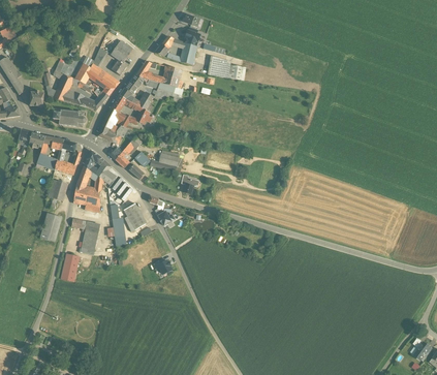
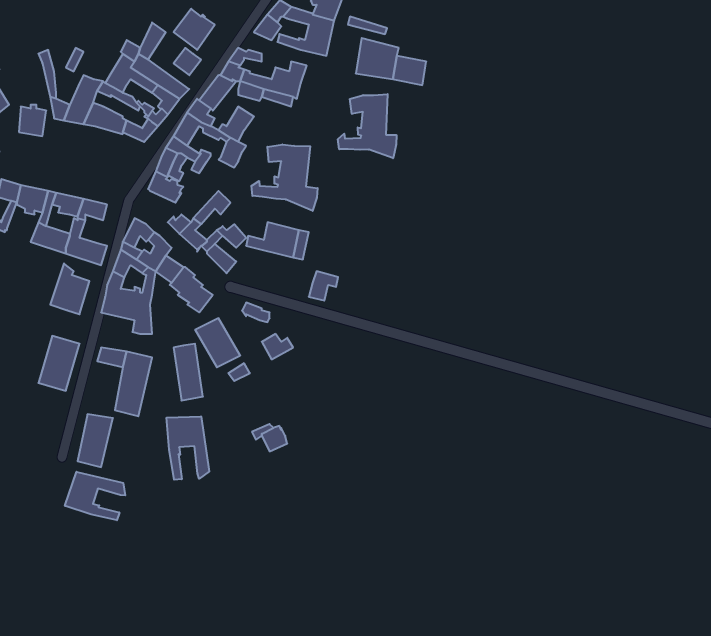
building: none -> [338,94,396,158]
building: [54,111,86,127] -> none
building: none -> [251,144,318,211]
building: none -> [167,416,209,480]
building: none -> [65,472,125,520]

